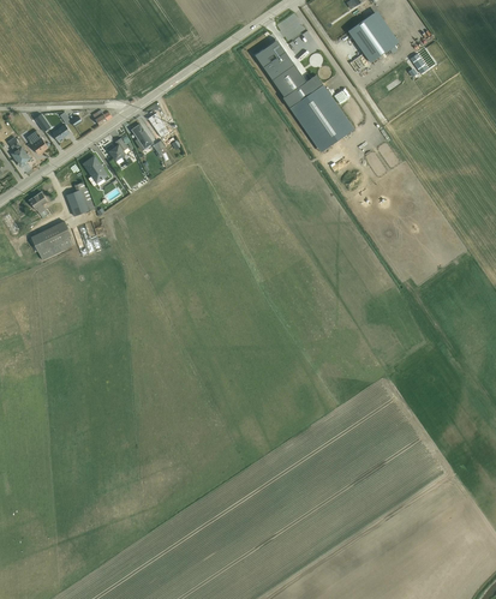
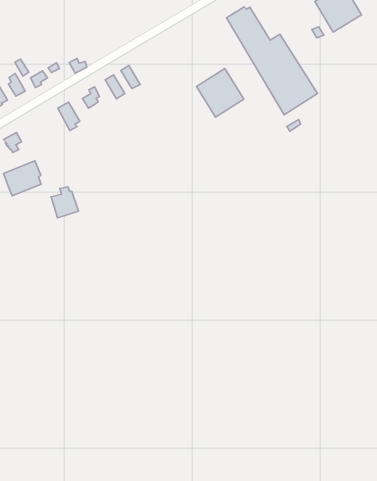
building: none -> [196,68,244,117]
building: [65,182,95,216] -> [51,187,79,218]

